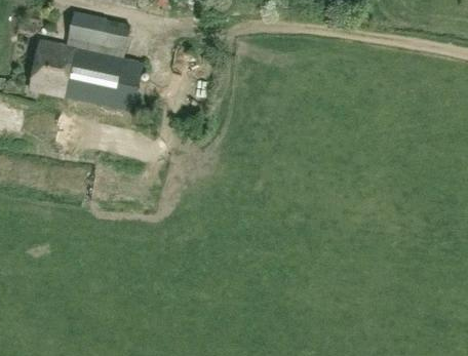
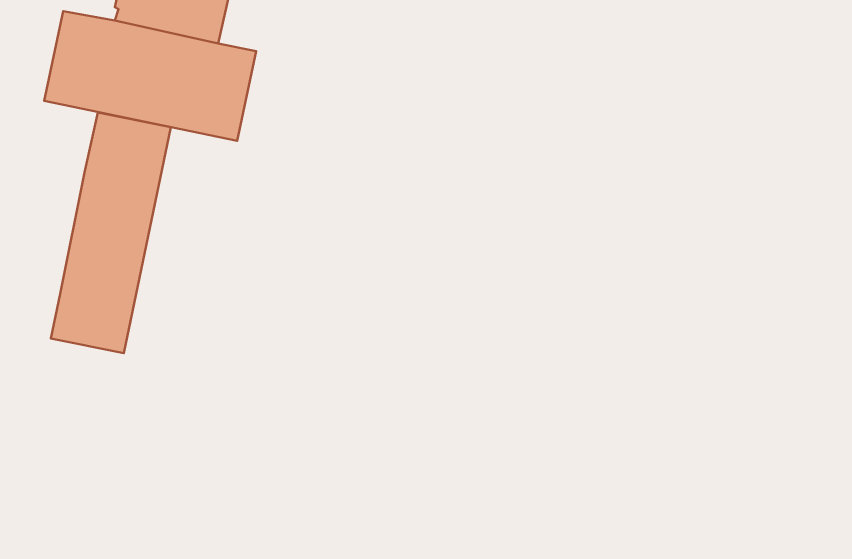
building: none -> [51,112,171,353]

